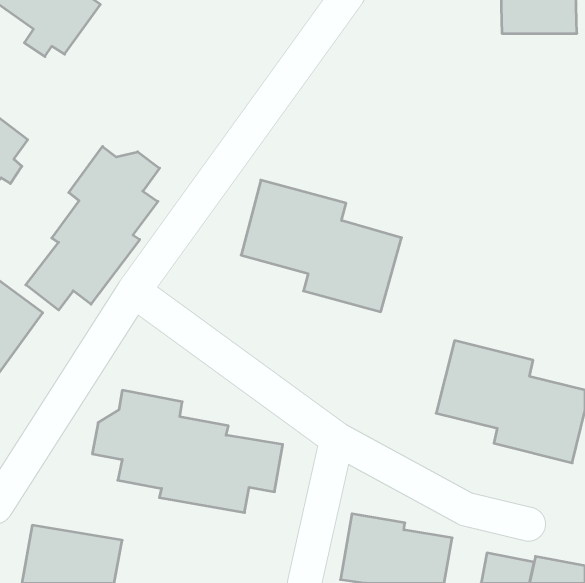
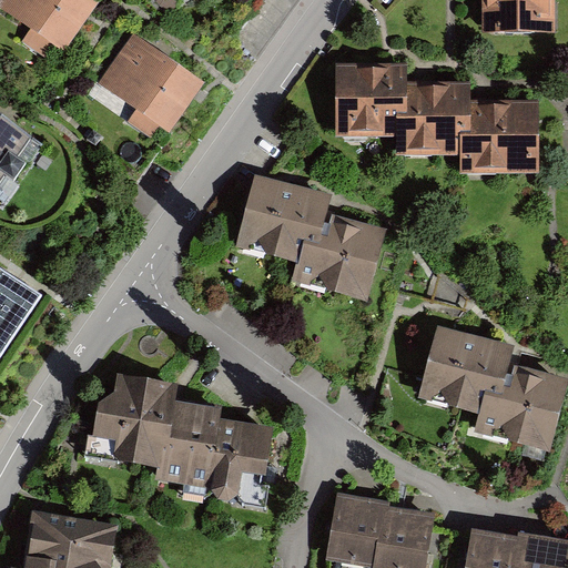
building: none -> [94,30,205,135]
building: none -> [335,64,537,172]
building: [26,146,160,310] -> none

